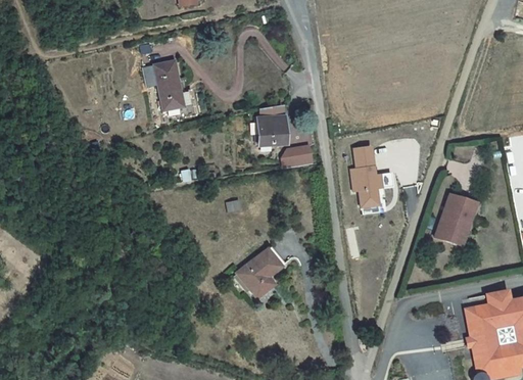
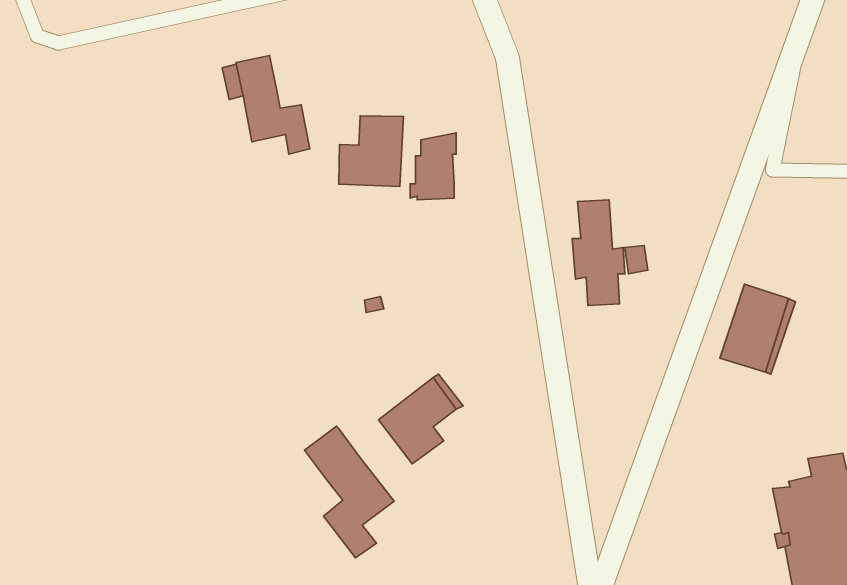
building: none -> [339,116,403,187]
building: [283,142,315,164] -> none
building: none -> [305,426,394,558]

